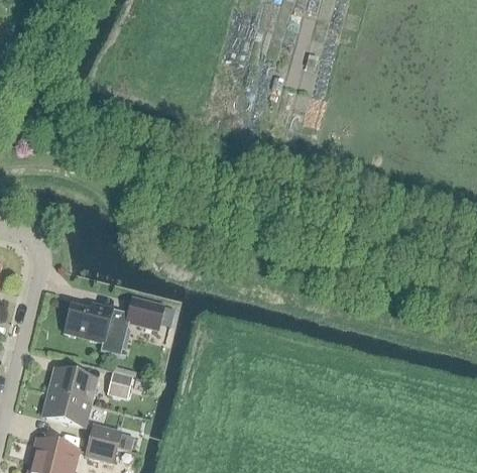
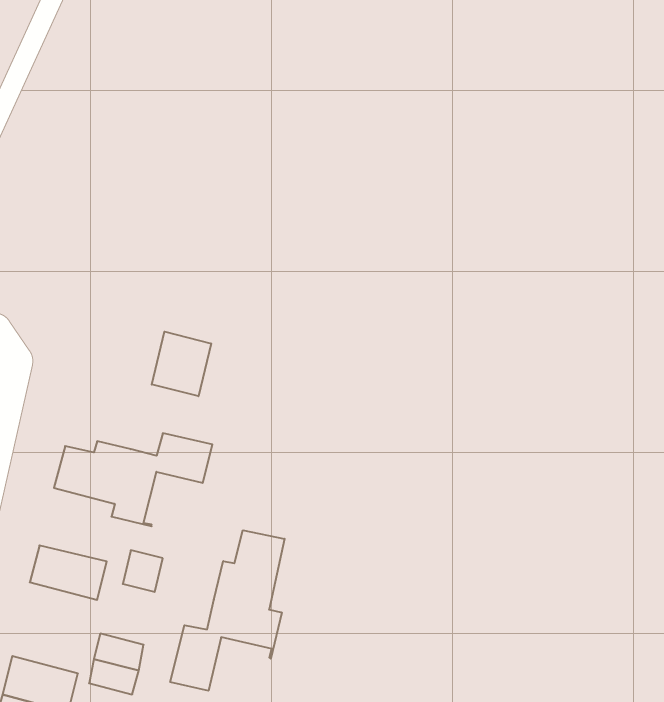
building: none -> [152,332,211,396]
building: none -> [170,530,285,691]
building: [42,390,91,426] -> none

